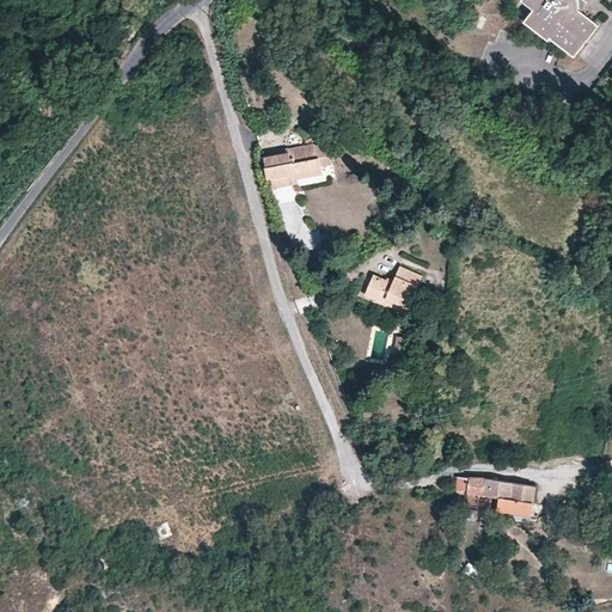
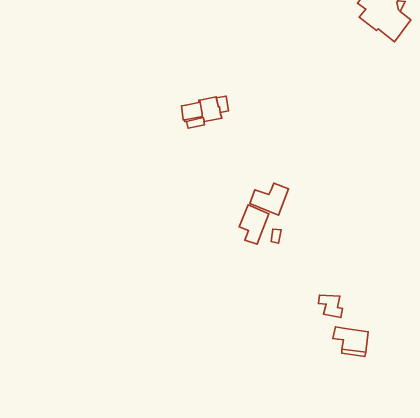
building: none -> [239,205,269,244]
building: [457,475,491,507] -> [319,295,342,317]

